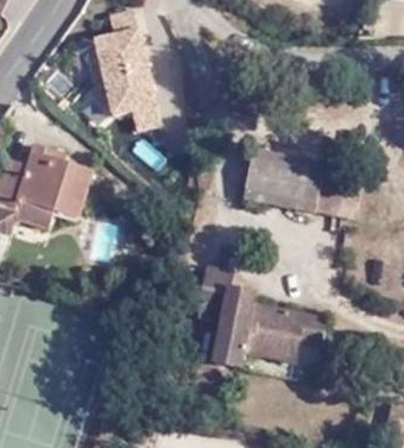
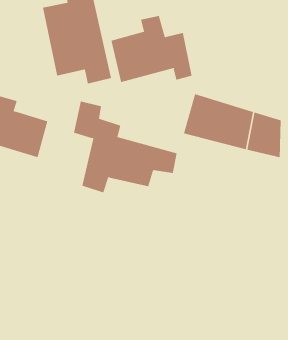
building: none -> [111,15,192,83]
building: [206,261,327,368] -> [73,101,177,193]

